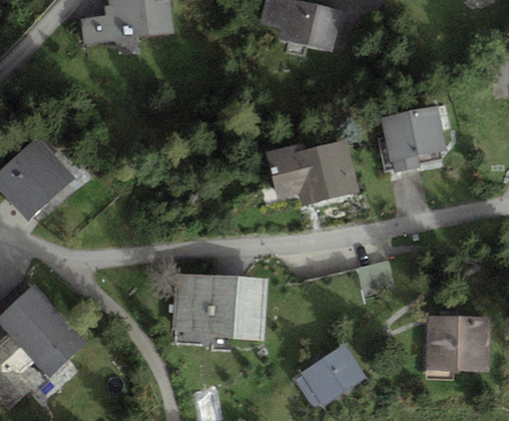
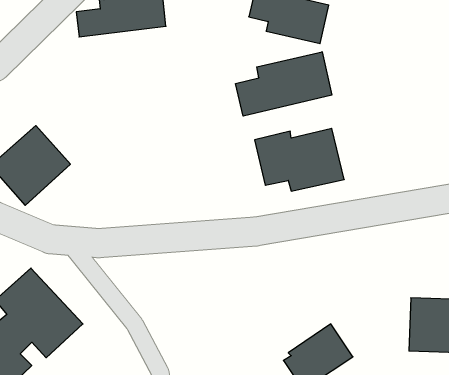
building: none -> [236,52,332,116]
building: [382,106,447,171] -> none
building: [173,273,268,342] -> none

